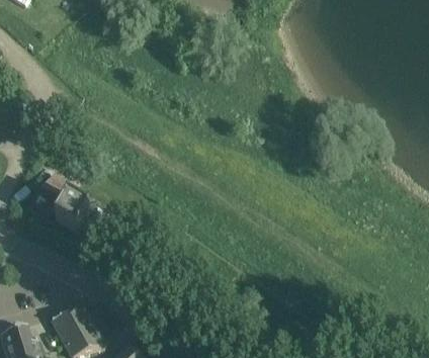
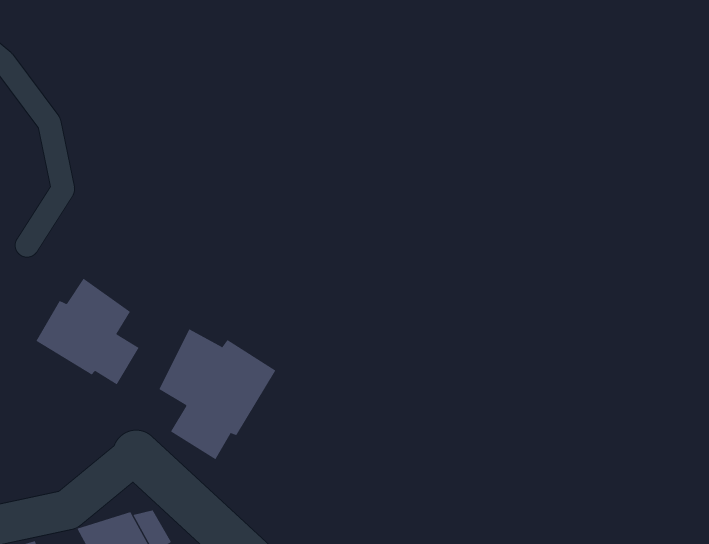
building: none -> [159,328,276,460]

